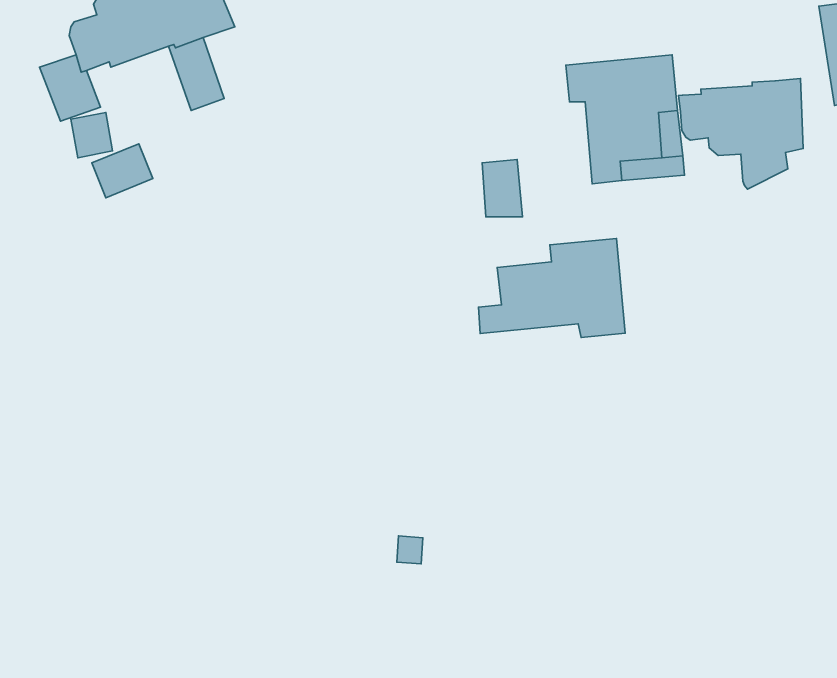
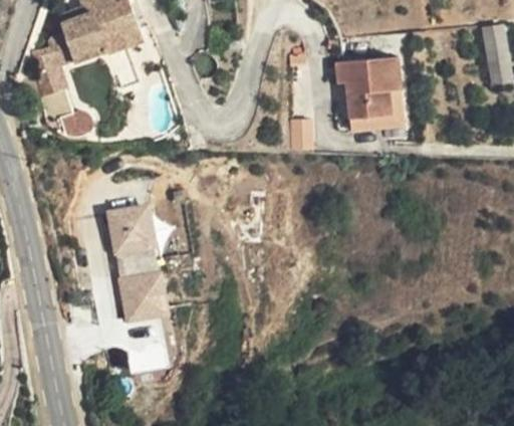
building: [678,78,803,189] -> none
building: [479,238,625,337] -> none
building: none -> [103,204,170,325]

